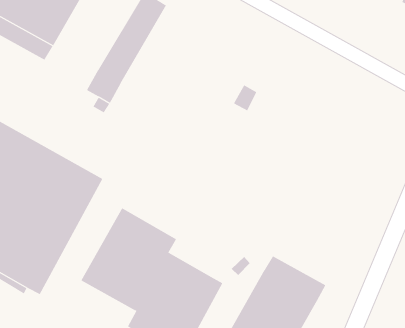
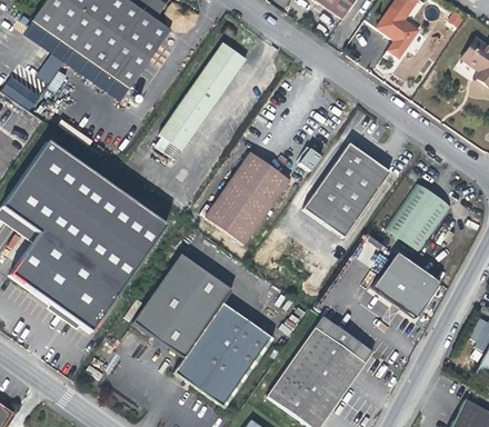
building: none -> [302,143,388,237]
building: none -> [204,151,289,244]
building: none -> [385,181,451,251]
building: none -> [375,250,443,317]

